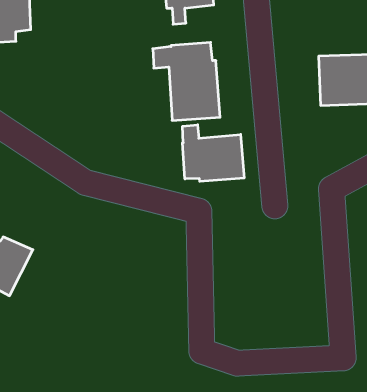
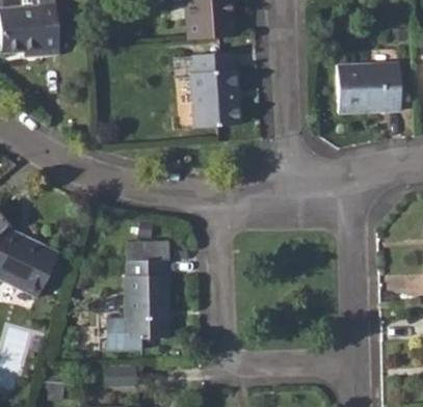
building: [182,125,244,181] -> none
building: none -> [123,240,170,338]

